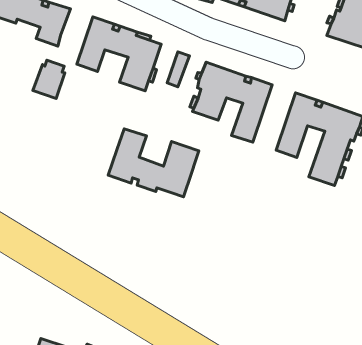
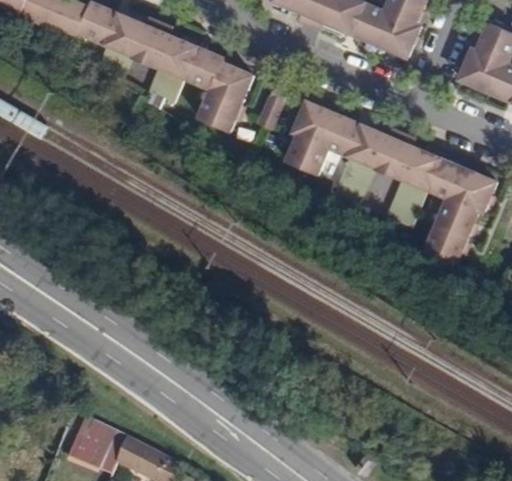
building: [33,60,65,98] -> [130,18,171,66]
building: none -> [374,130,415,178]
building: [108,129,199,197] -> none

